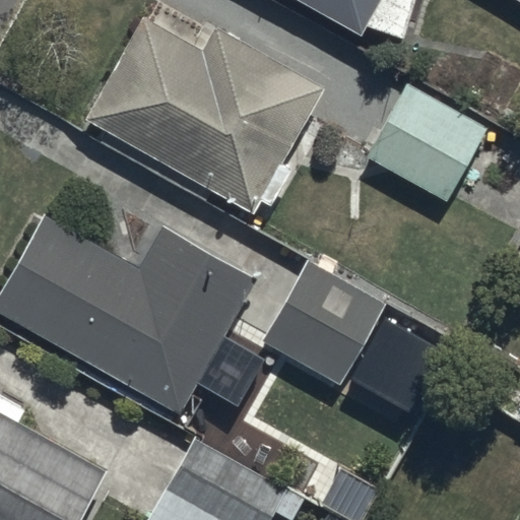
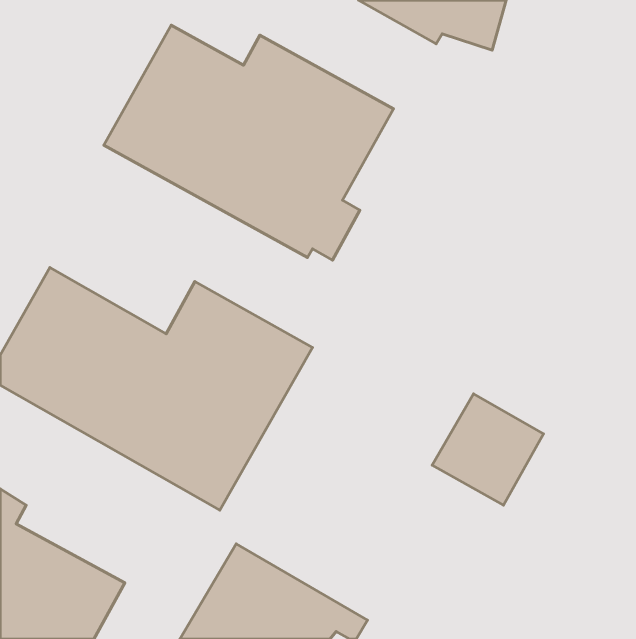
building: [366,84,489,204] -> none
building: [265,262,387,385] -> none

